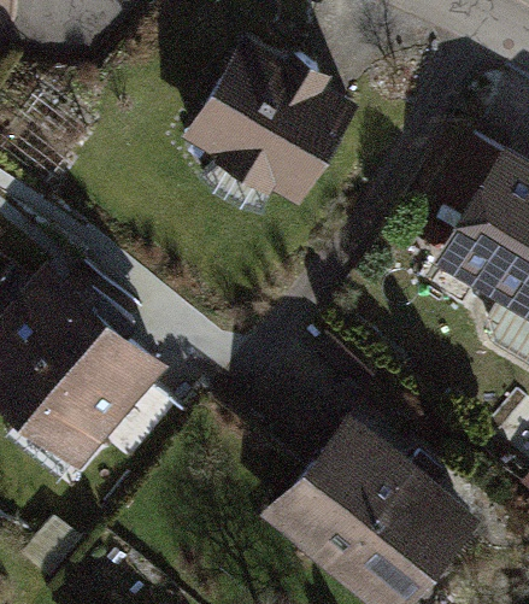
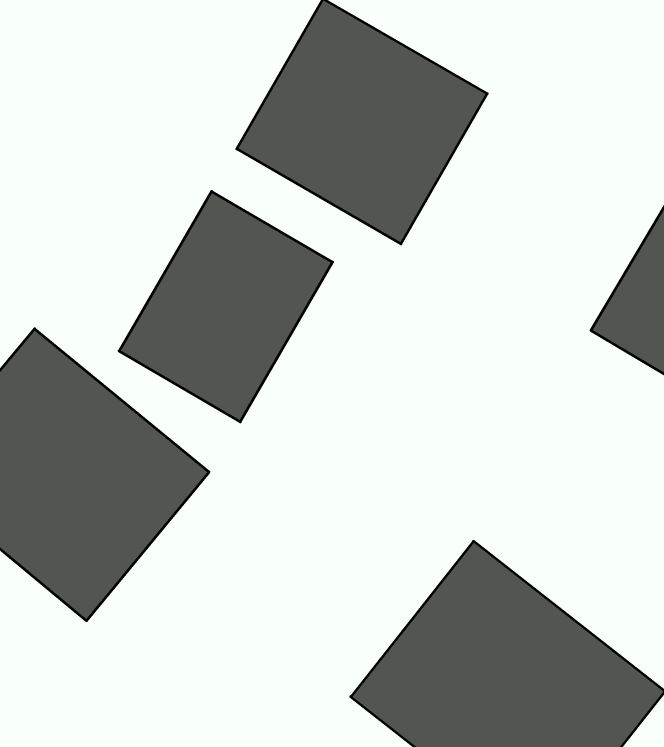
building: none -> [119,191,333,422]

